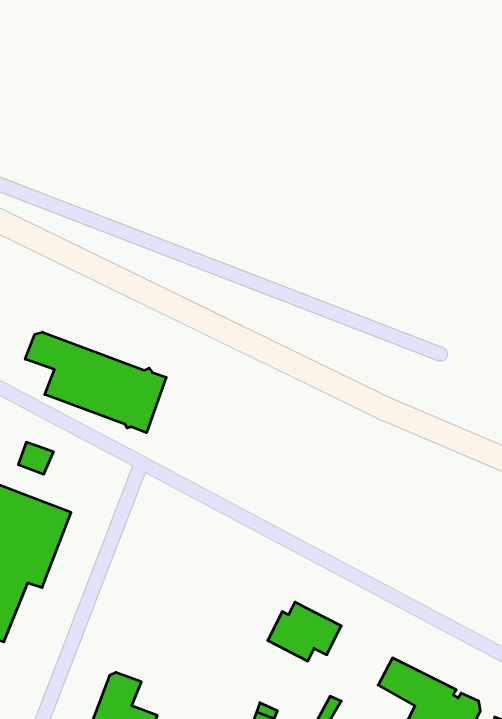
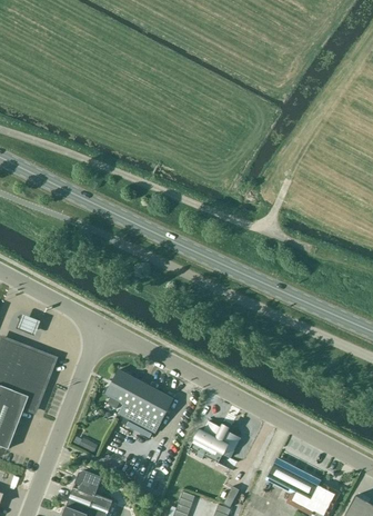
building: [25,332,166,433] -> none
building: none -> [107,369,174,433]

